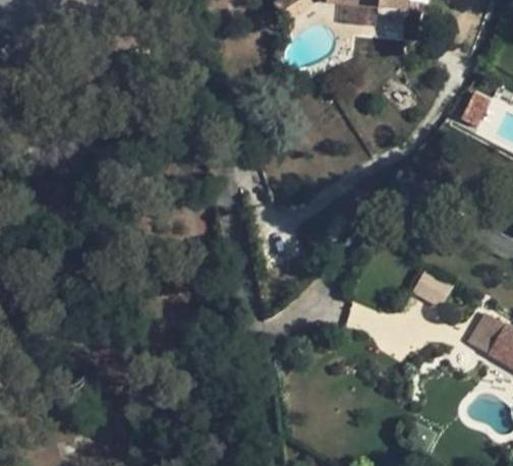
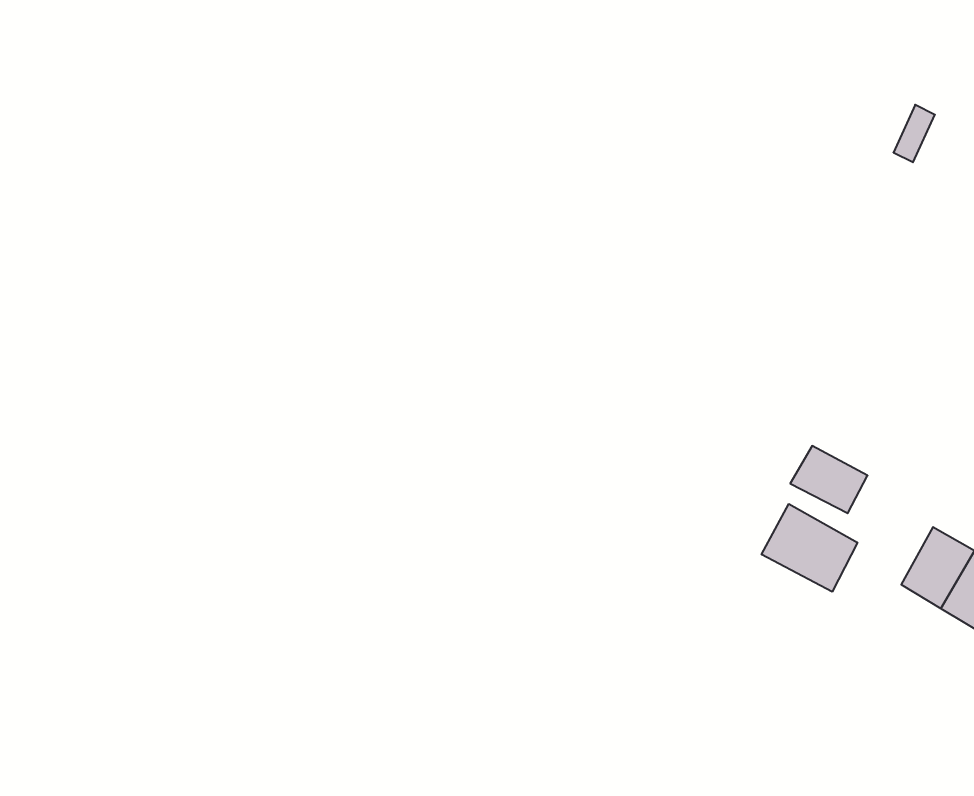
building: none -> [762,504,857,592]

